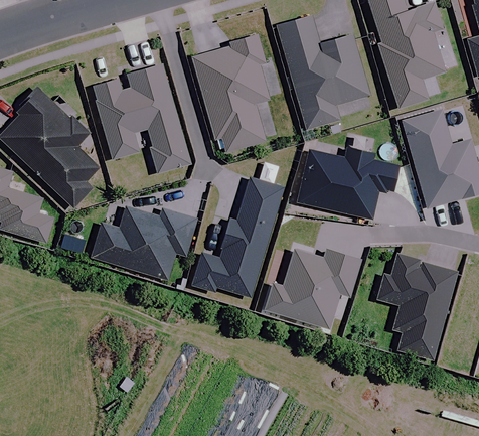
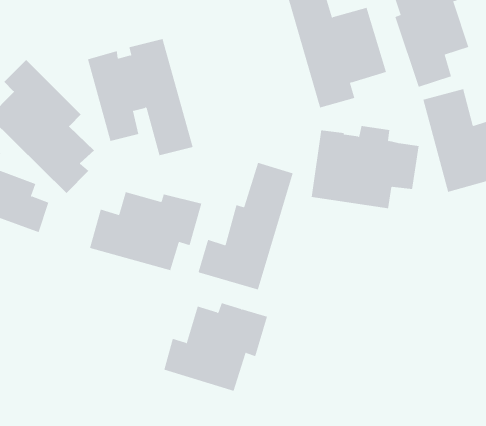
building: [194,36,272,152] -> none
building: [264,246,360,328] -> [164,302,268,391]
building: [377,256,457,361] -> none

